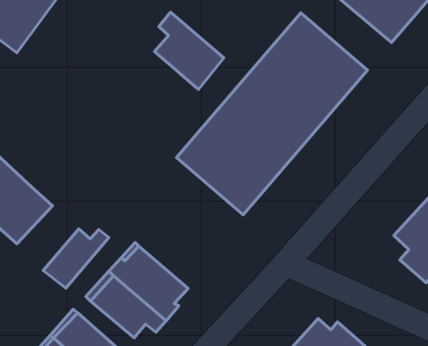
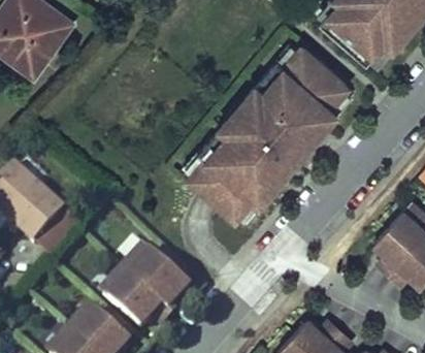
building: [155,12,224,89] -> none
building: [43,229,109,288] -> none

